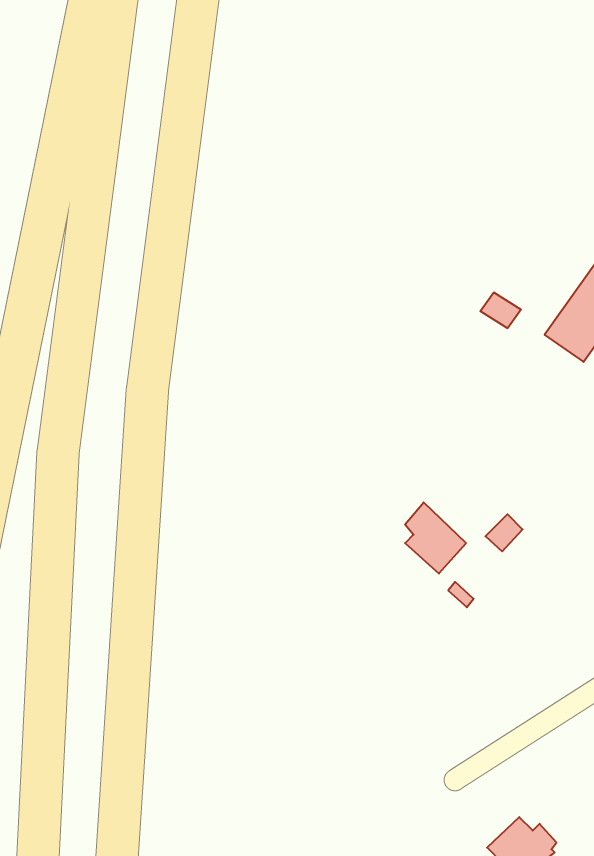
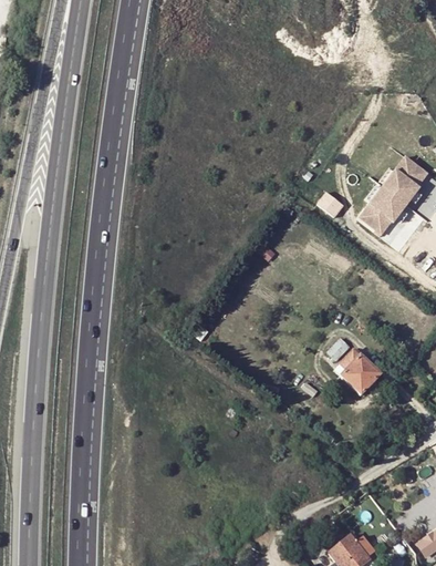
building: [405,502,466,574] -> [335,351,375,398]

